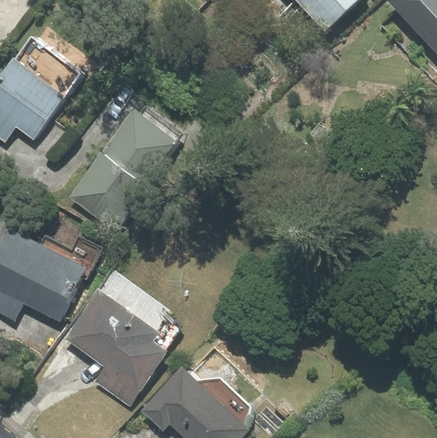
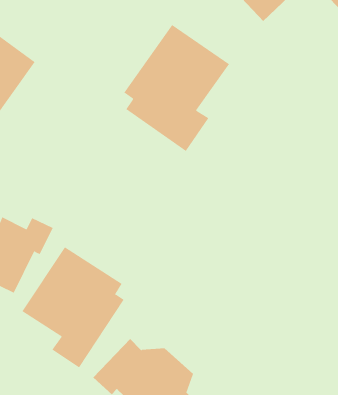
building: none -> [124,24,230,152]
building: [72,109,180,227] -> none

